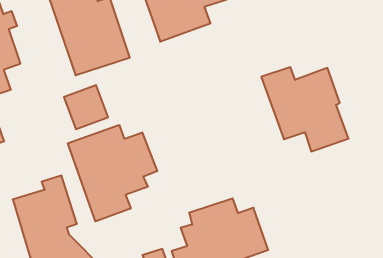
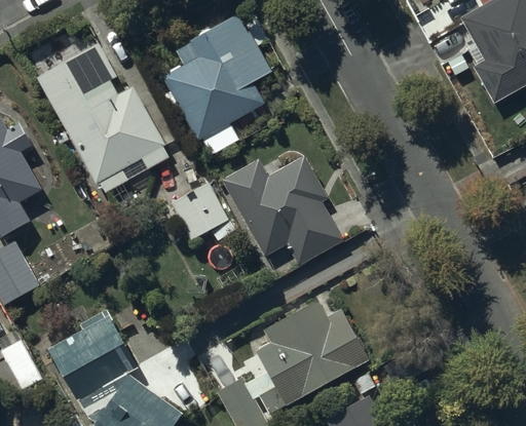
building: [261,67,349,151] -> [225,159,341,262]
building: [64,85,108,129] -> [170,185,226,241]
building: [68,125,157,221] -> none

